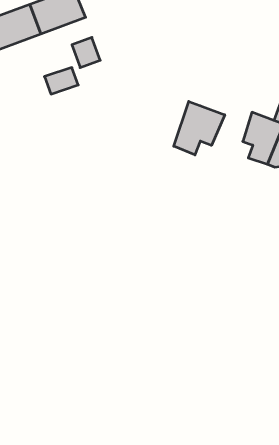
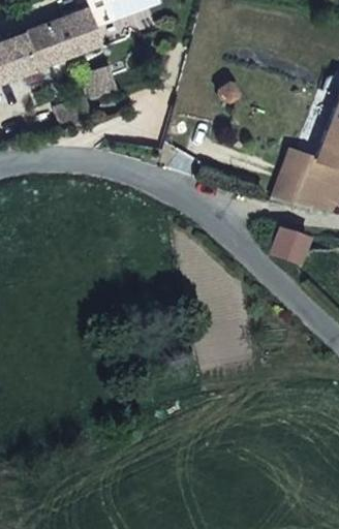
building: [174,101,225,155] -> none
building: none -> [272,226,310,264]

